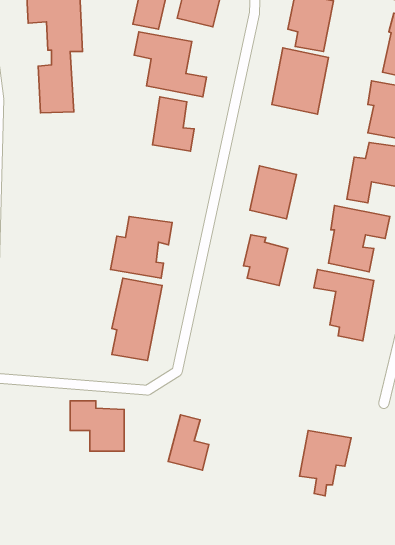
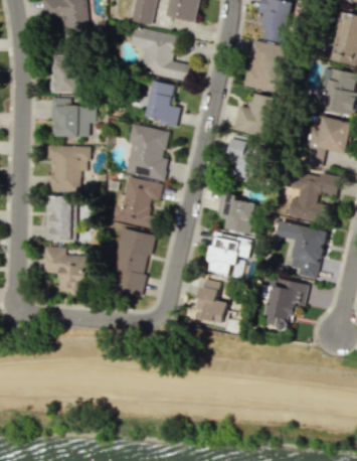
building: none -> [234,95,275,135]
building: none -> [52,99,95,137]
building: none -> [125,124,168,180]
building: none -> [46,145,88,192]
building: none -> [44,199,85,241]
building: none -> [205,232,250,276]
building: [70,401,124,451] -> [43,249,87,290]
building: [168,415,209,470] -> [194,279,227,324]
building: [299,431,351,496] -> [265,278,308,331]

